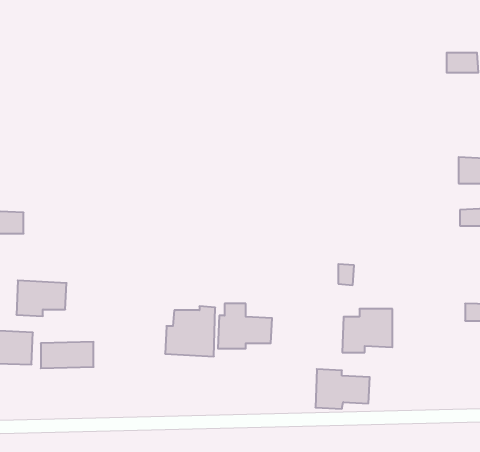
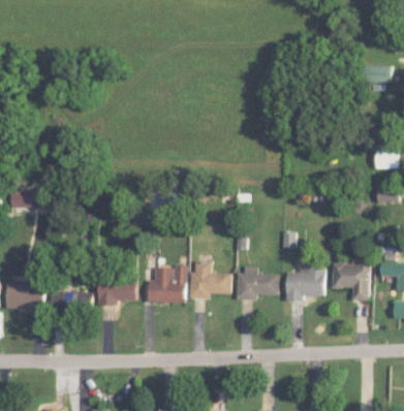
building: [16,280,67,316] -> [96,278,135,306]
building: none -> [332,263,370,301]
building: [315,369,370,409] -> [236,268,278,299]

